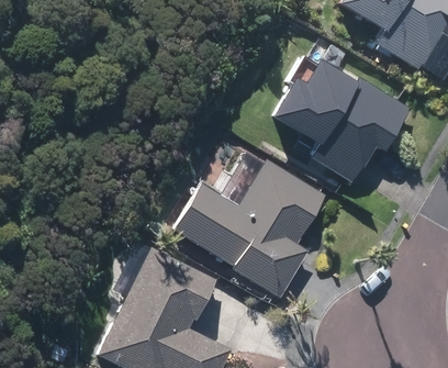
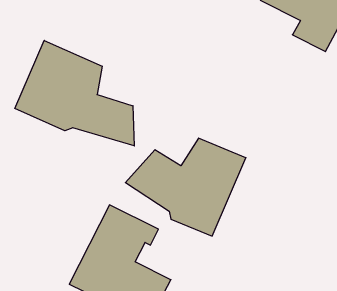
building: none -> [15,40,134,146]
building: [269,63,410,172] -> none

